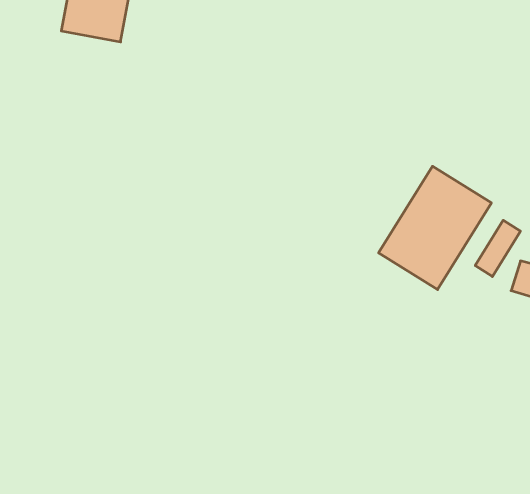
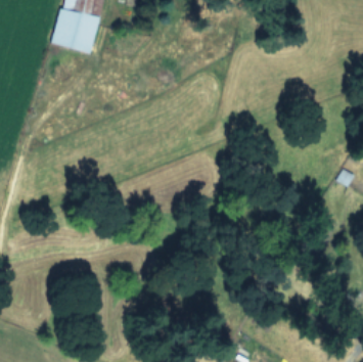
building: [379,166,491,290] -> none

